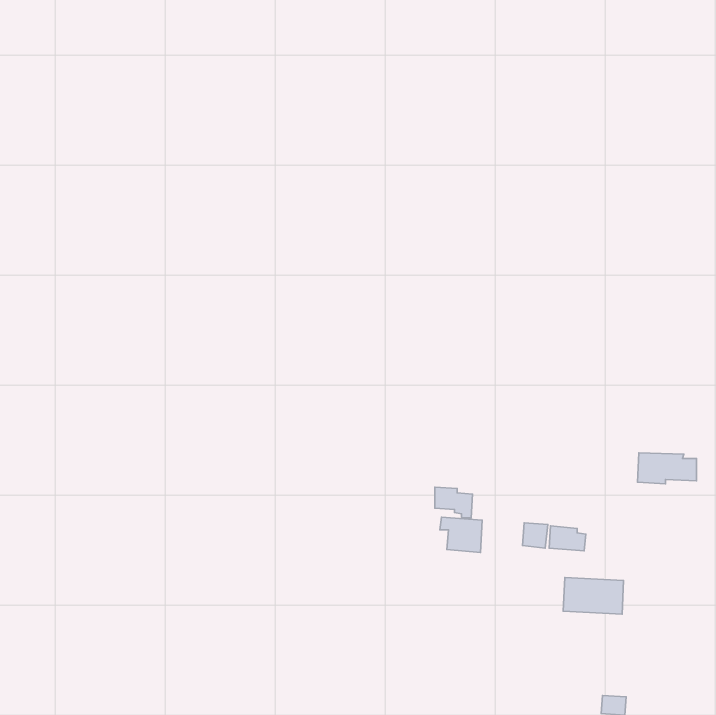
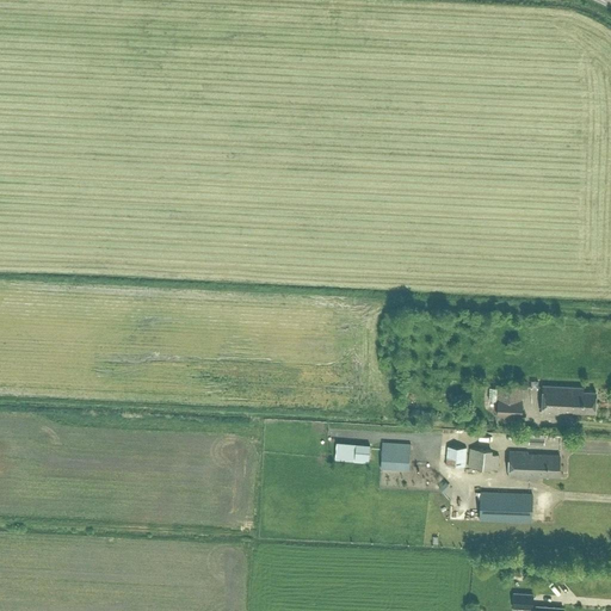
building: none -> [496,385,521,416]
building: [435,487,473,518] -> [337,440,369,467]
building: none -> [507,451,560,479]

